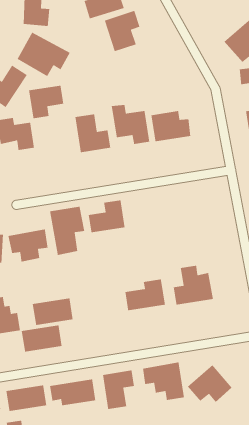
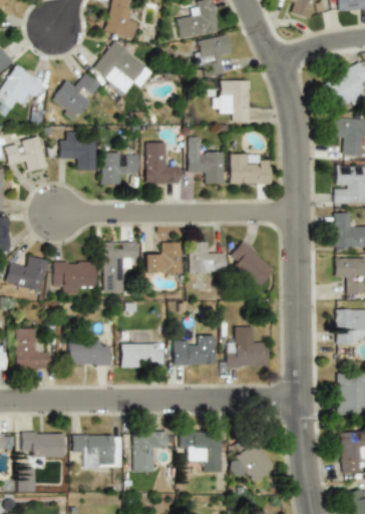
building: none -> [215,80,253,122]
building: [28,85,64,119] -> [101,153,138,186]
building: none -> [232,241,276,289]
building: none -> [191,242,227,275]
building: [21,324,63,353] -> [119,343,162,368]

